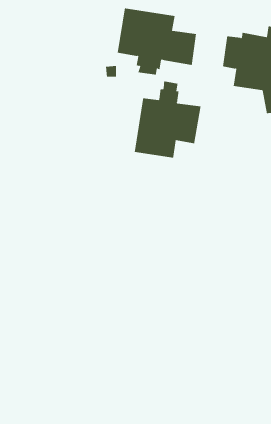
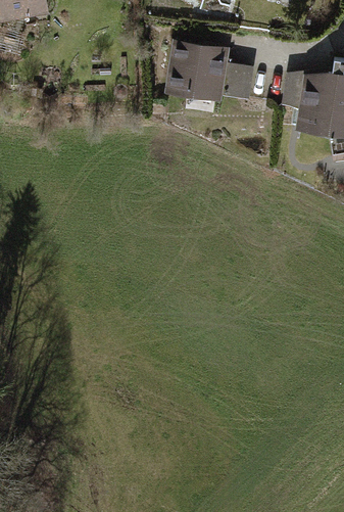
building: [134,80,201,159] -> none

